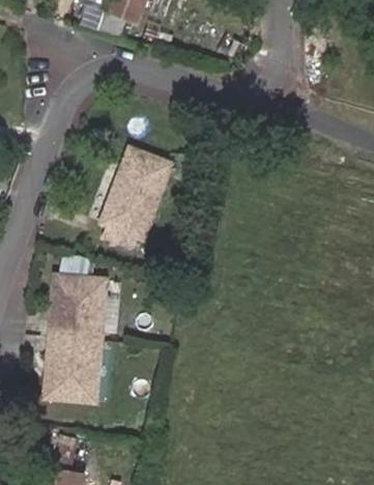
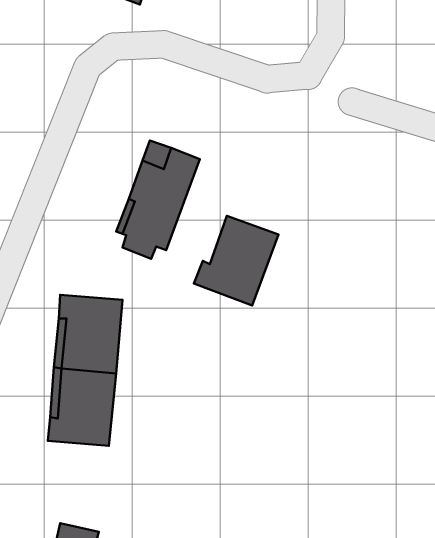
building: none -> [194,216,278,305]

